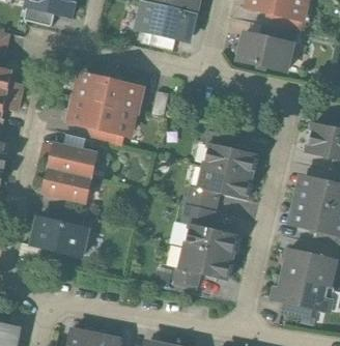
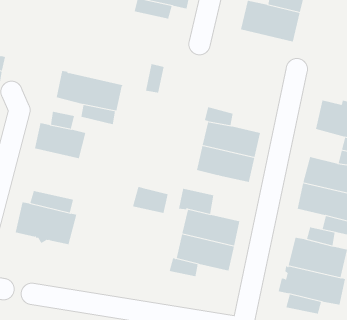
building: [80,66,142,112] -> none
building: [44,168,90,202] -> none
building: [185,185,218,210] -> [132,186,169,213]

